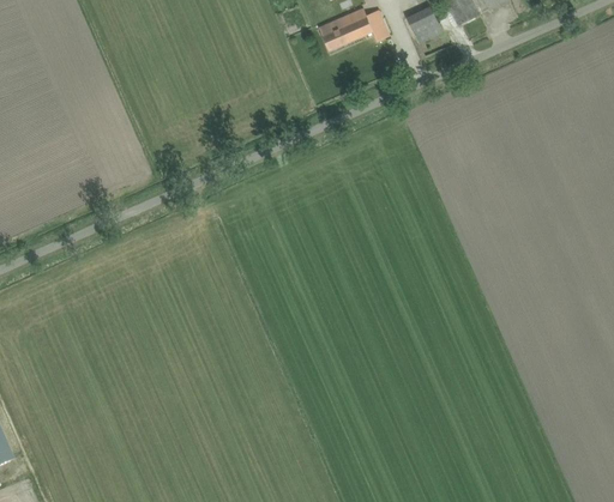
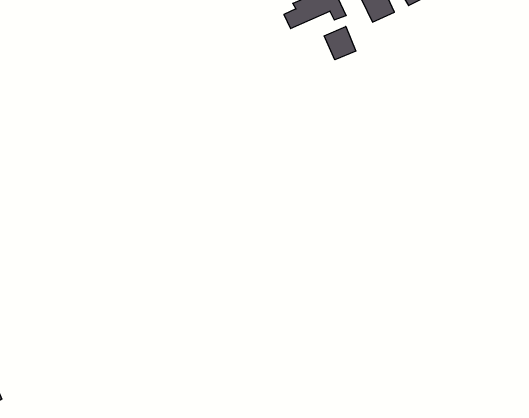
building: none -> [324,26,356,60]

